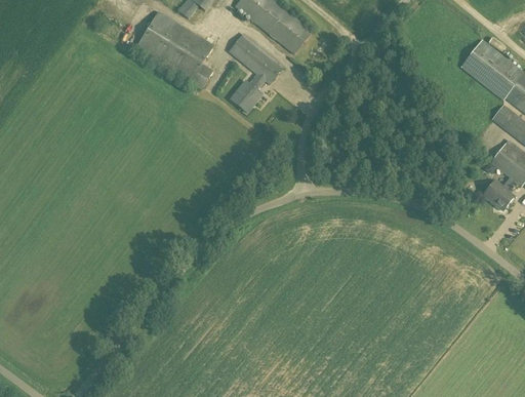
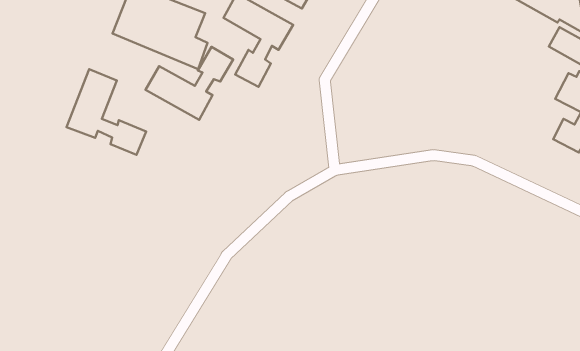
building: none -> [146,47,233,120]
building: none -> [66,69,146,155]

